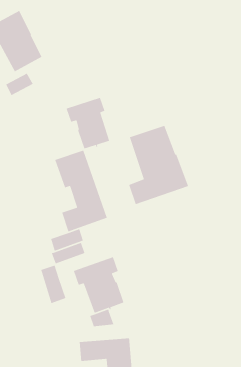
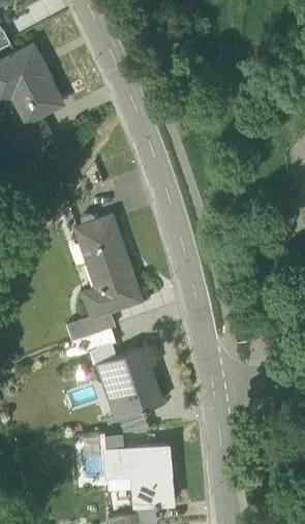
building: [66,97,110,150] -> none
building: [128,125,189,205] -> none
building: [40,265,66,304] -> none

